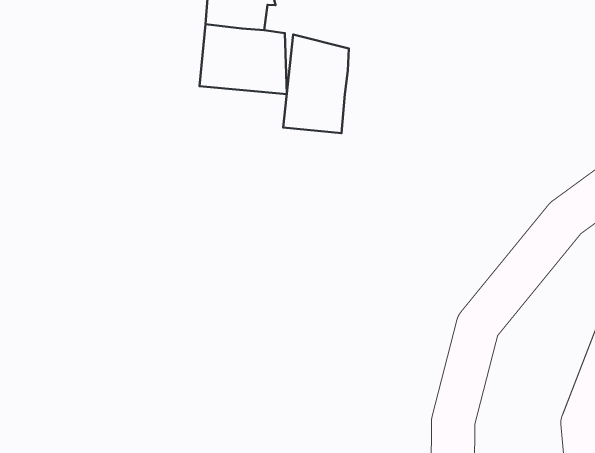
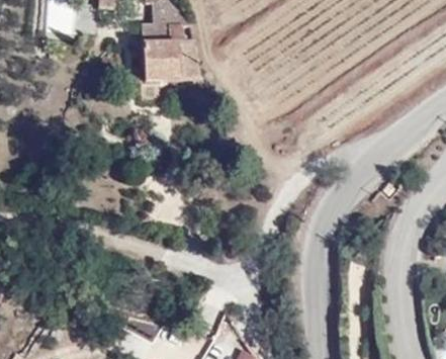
building: [283,34,349,133] -> none

